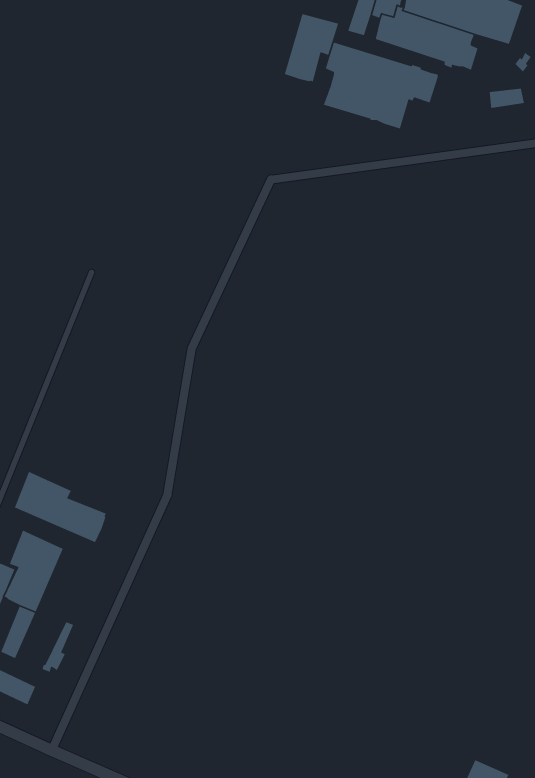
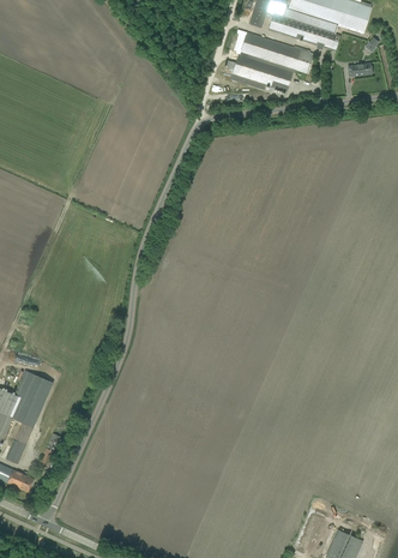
building: [284,13,339,82] -> none
building: [14,471,107,543] -> none

